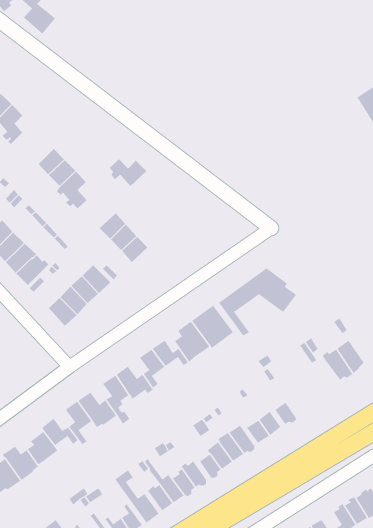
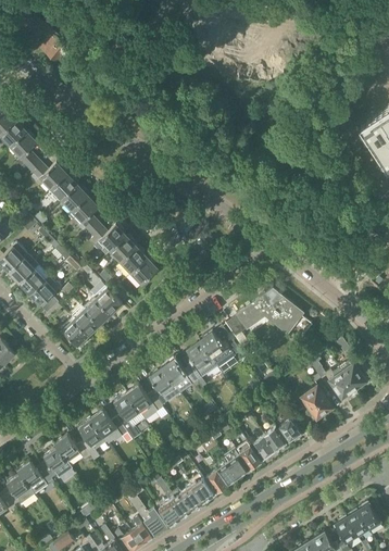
building: none -> [29,161,66,189]
building: [109,159,147,187] -> [89,224,126,251]
building: none -> [299,385,331,415]

